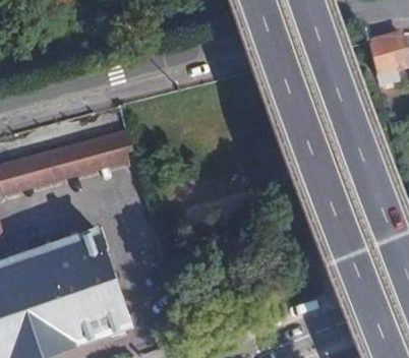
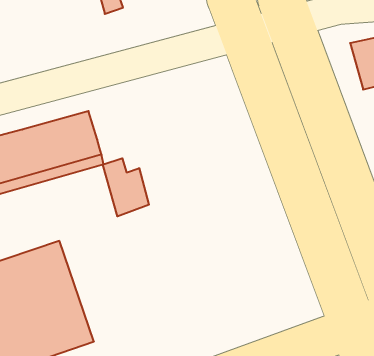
building: none -> [103,158,149,216]

